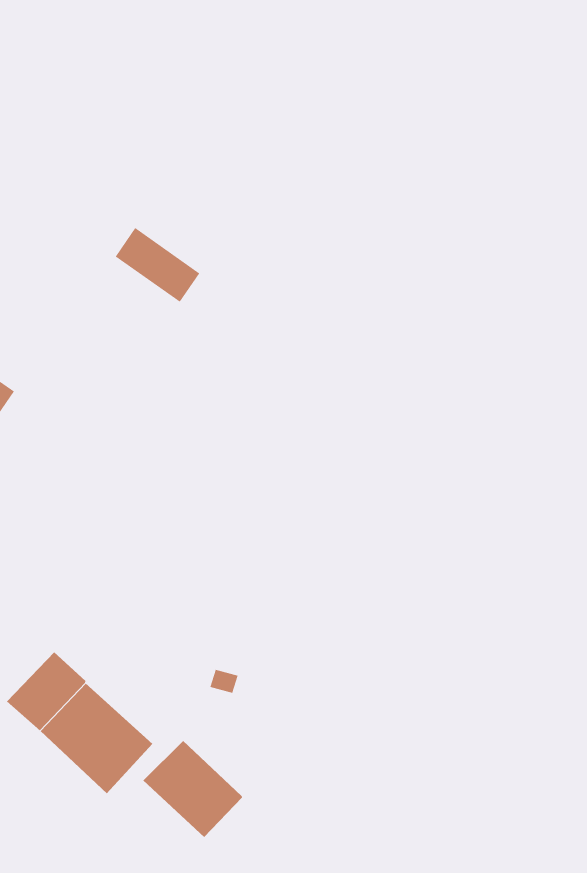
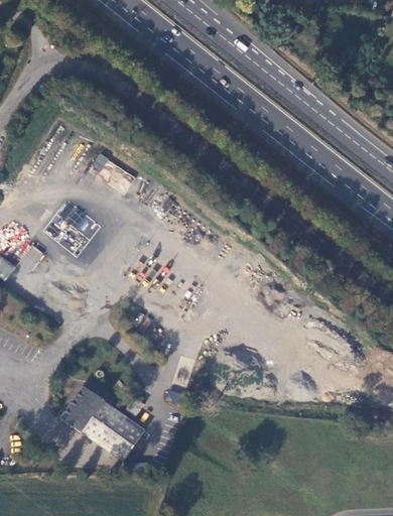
building: [143,740,243,838] -> none

